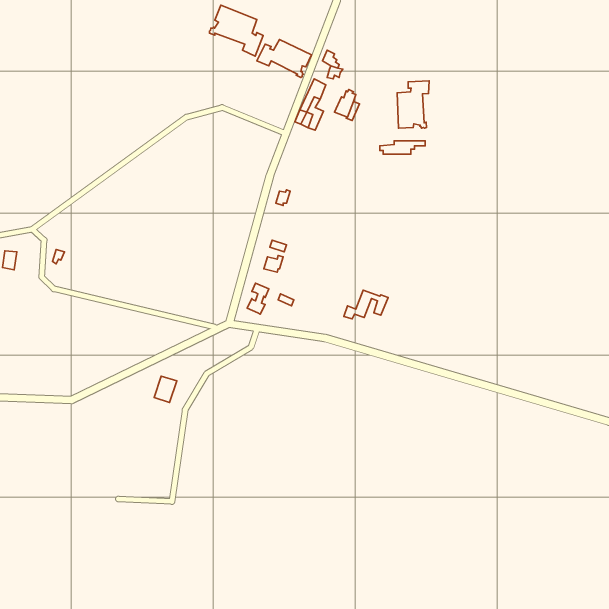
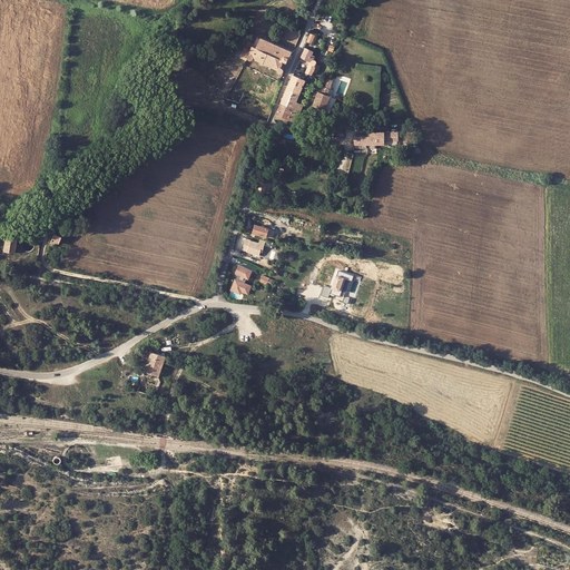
building: [209,5,263,56] -> none
building: [397,81,429,128] -> none

